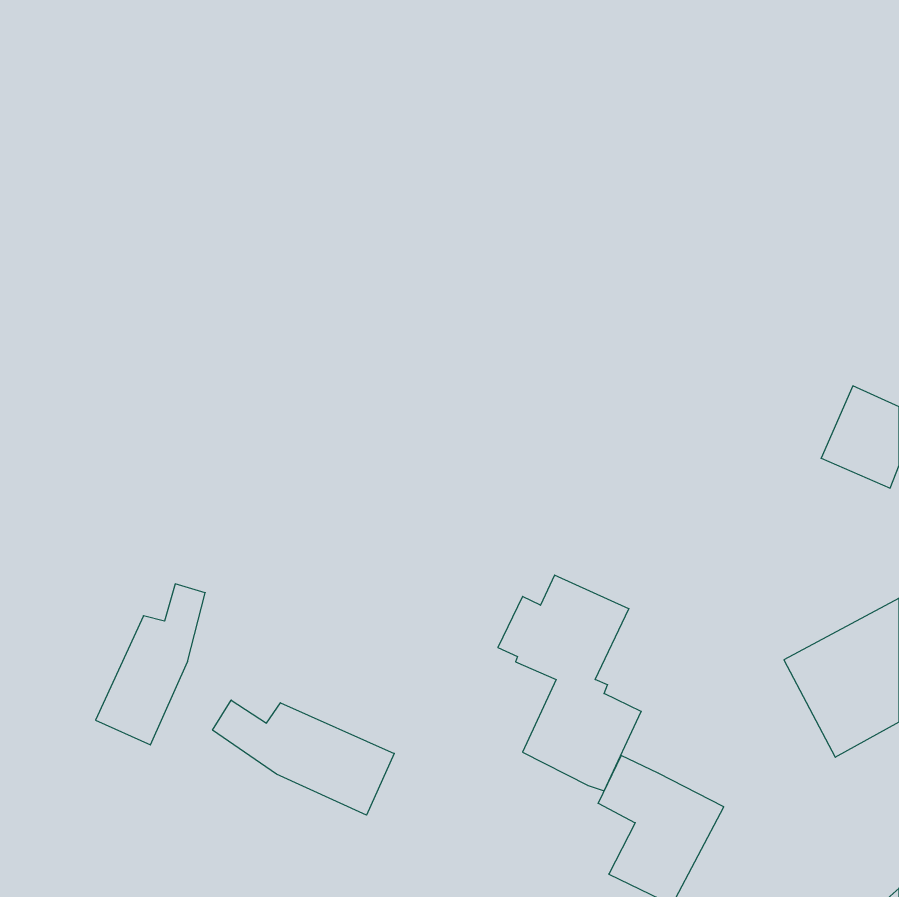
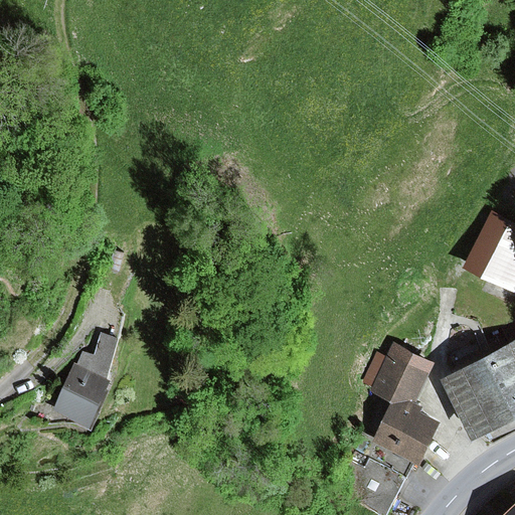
building: [498,575,641,791] -> [360,343,442,466]
building: [213,700,394,815] -> none

